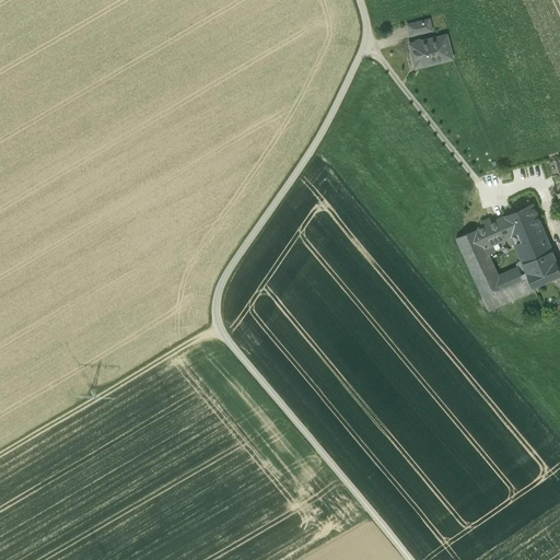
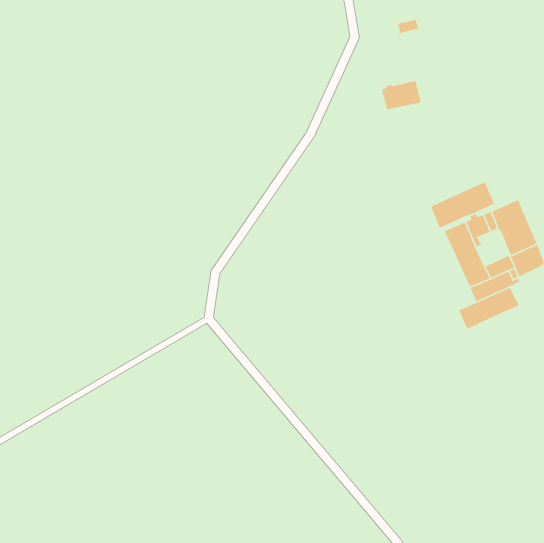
building: [409,35,451,66] -> [381,80,422,110]
building: none -> [430,181,496,230]
building: none -> [458,287,520,330]

